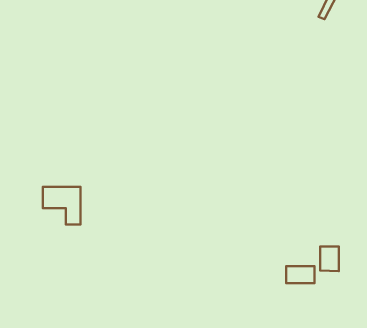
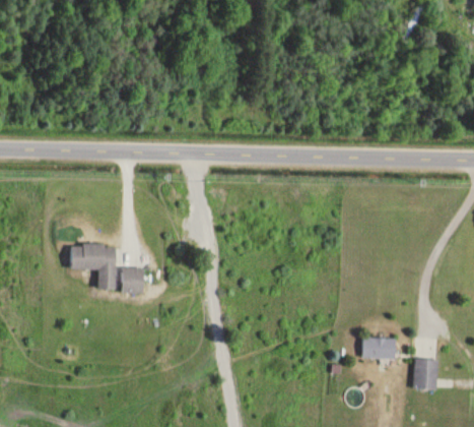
building: none -> [122,268,144,293]
building: [320,247,339,271] -> [414,360,436,389]

